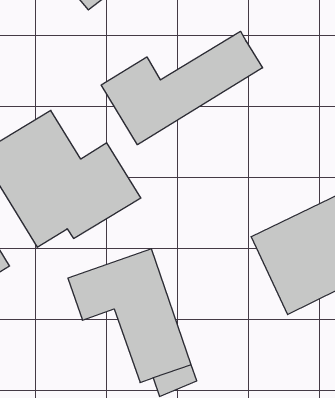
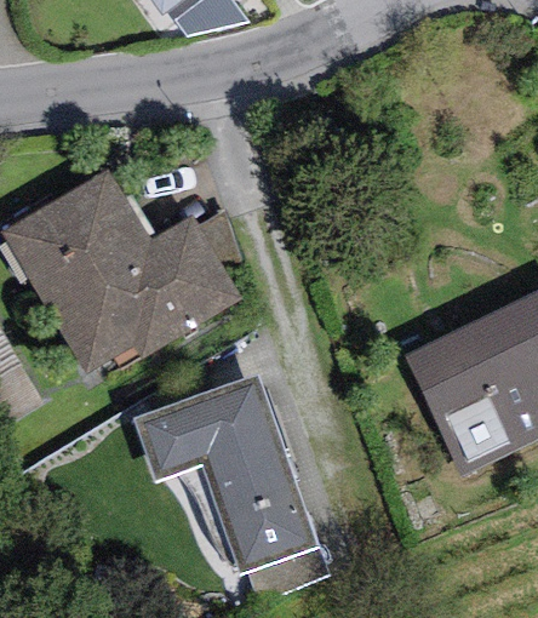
building: [101,31,263,145] -> none

